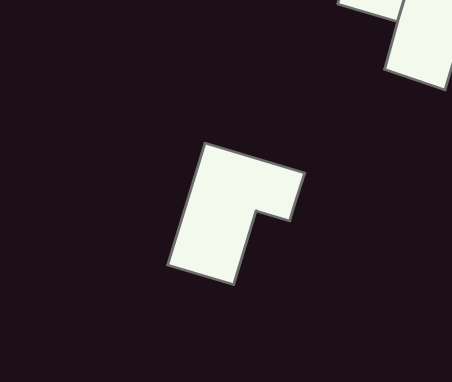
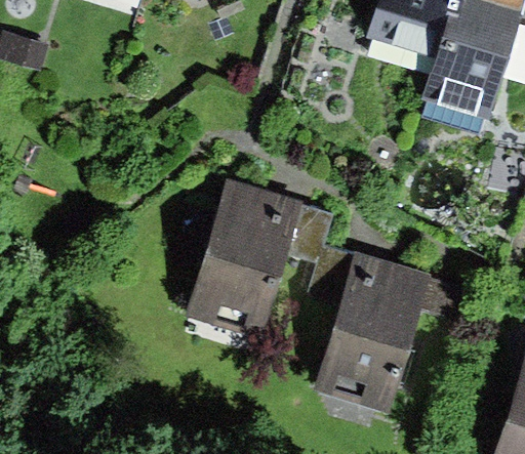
building: none -> [312,247,462,407]

